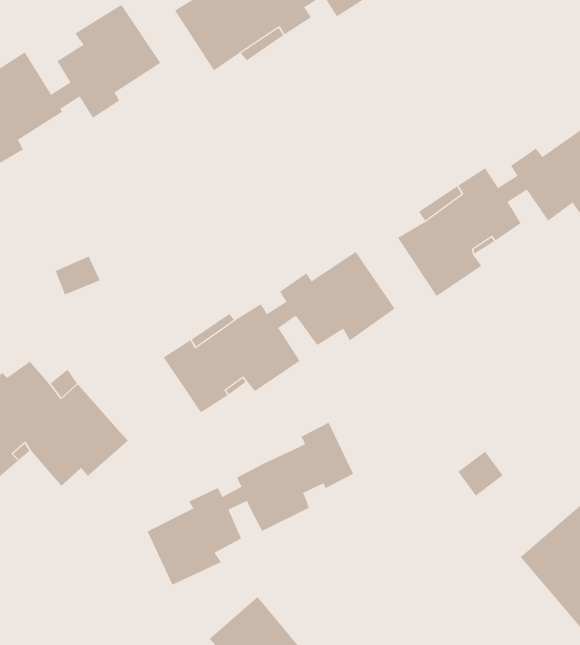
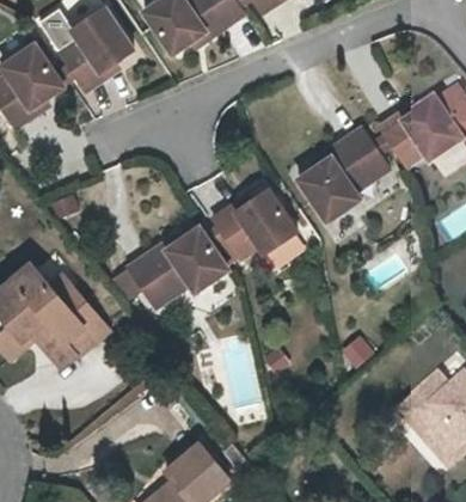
building: [147,422,354,586] -> none

